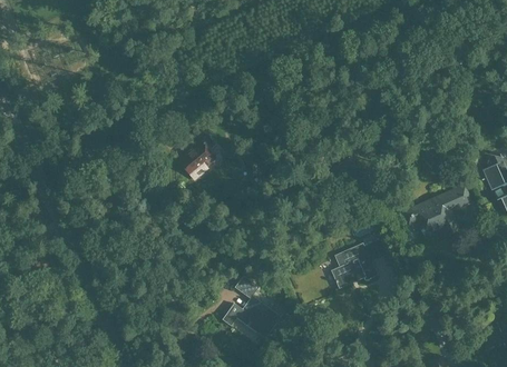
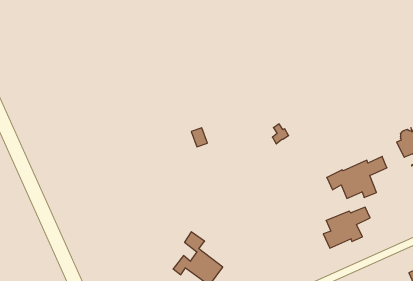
building: [179,135,215,181] -> none
building: [331,240,386,288] -> [323,207,370,248]

